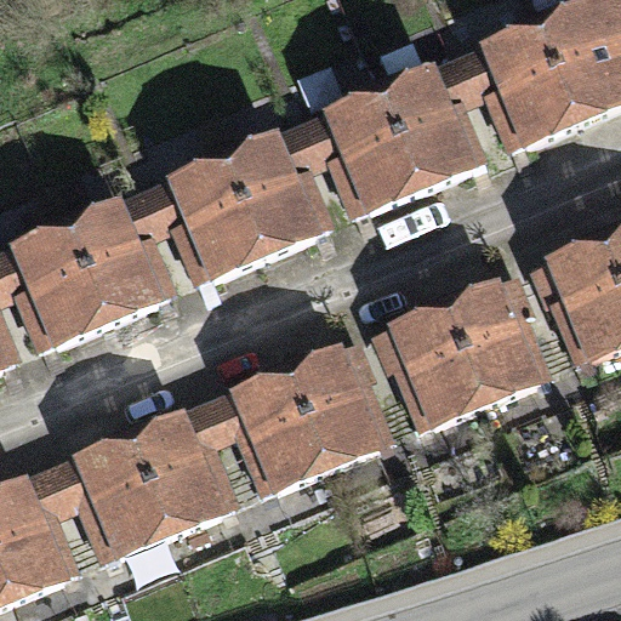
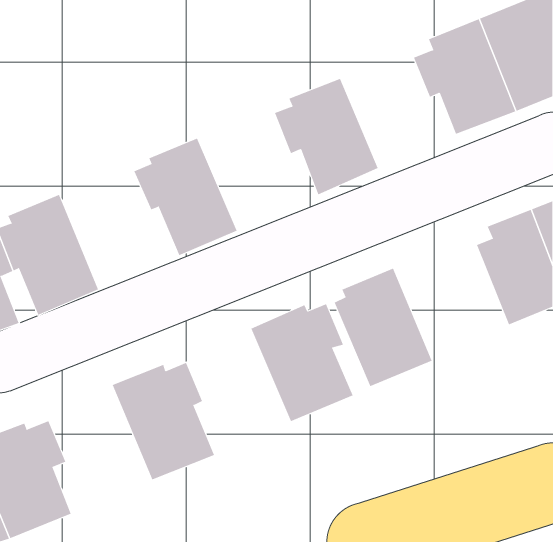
building: [381,63,490,188] -> none
building: [221,126,337,258] -> none
building: [67,192,182,324] -> none
building: [440,277,548,404] -> none
building: [209,368,325,500] -> none
building: [55,431,170,566] -> none

